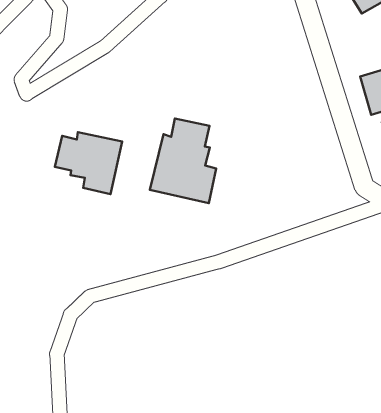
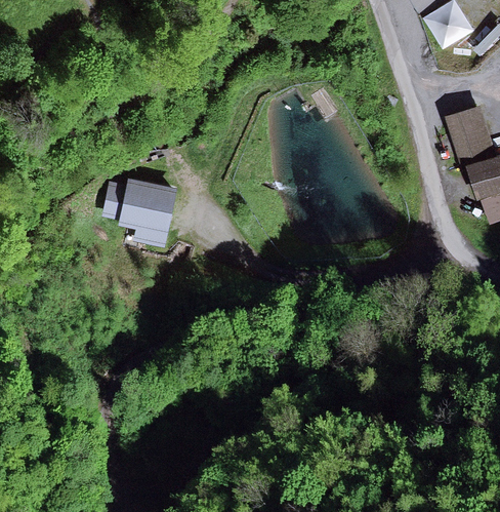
building: [150,118,216,203] -> none

